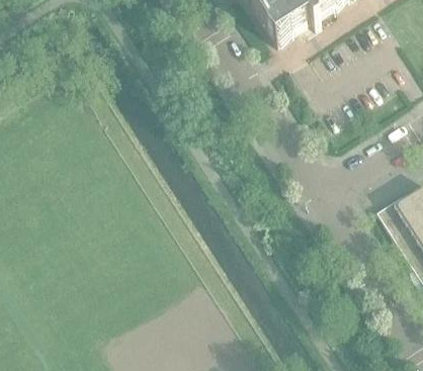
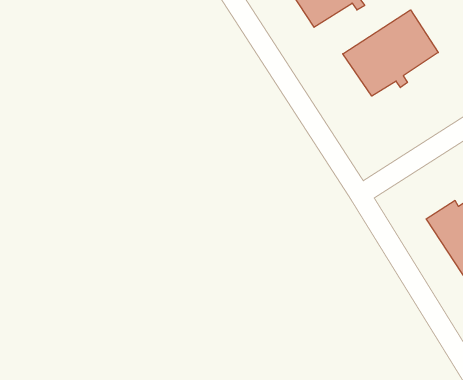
building: none -> [343,10,438,96]

